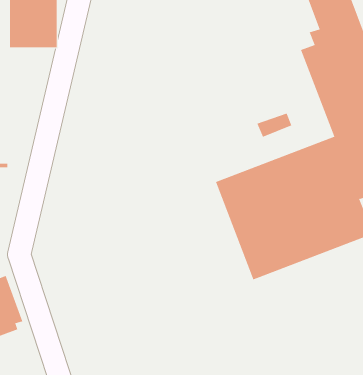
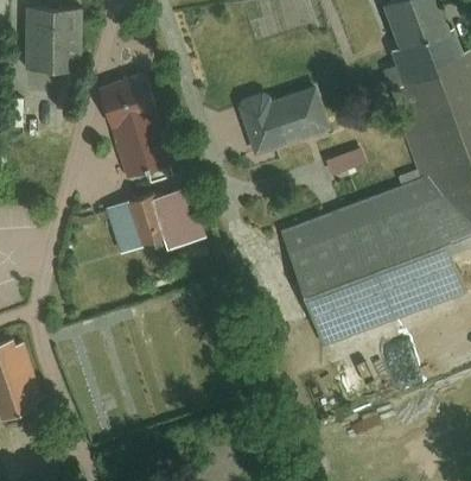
building: none -> [97,75,177,181]
building: none -> [240,84,331,156]
building: none -> [106,185,206,255]

